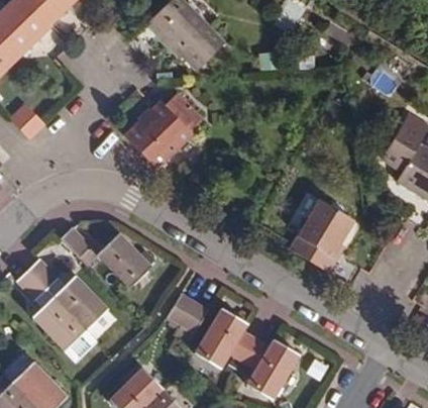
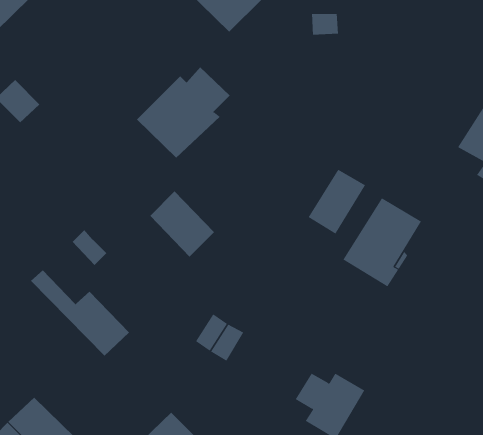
building: none -> [308,169,366,234]
building: [100,236,152,290] -> [149,191,215,257]
building: [22,267,93,349] -> none
building: [202,310,258,362] -> none

